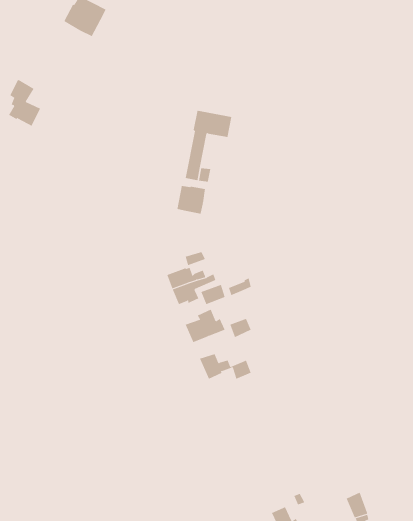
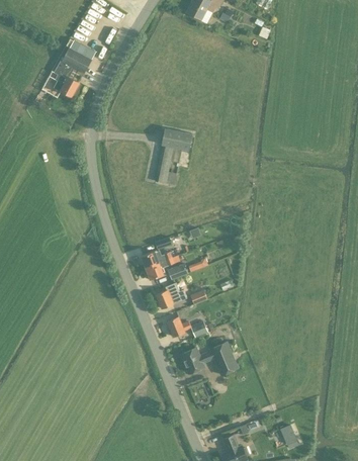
building: [8,80,41,127] -> [54,60,79,96]
building: [177,185,206,214] -> none
building: none -> [181,342,238,375]

